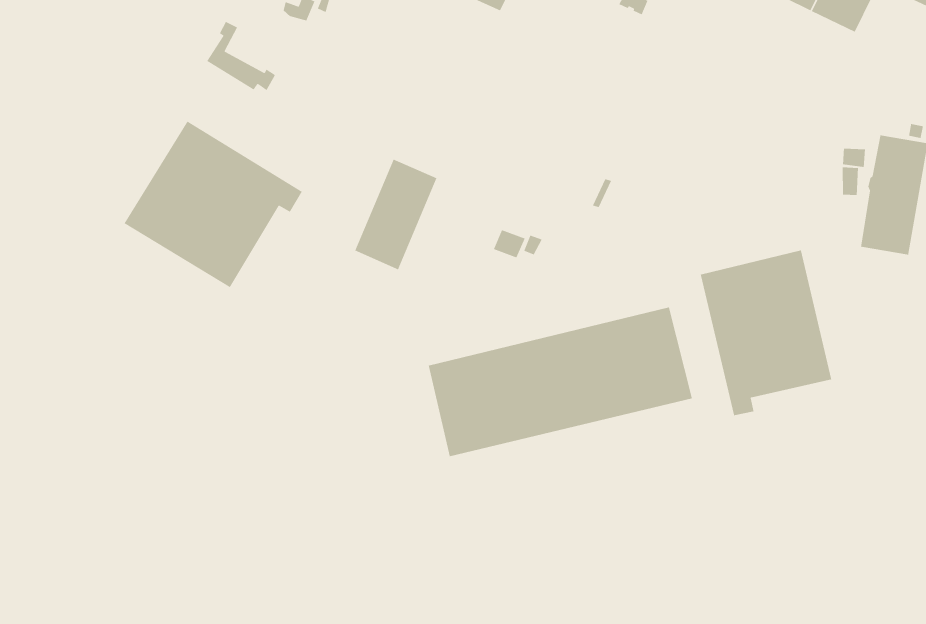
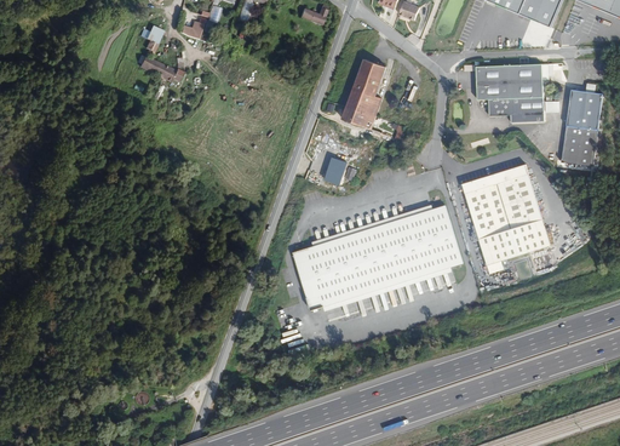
building: none -> [473,63,546,121]
building: [124,121,303,288] -> none
building: [354,158,438,270] -> [340,59,391,131]

